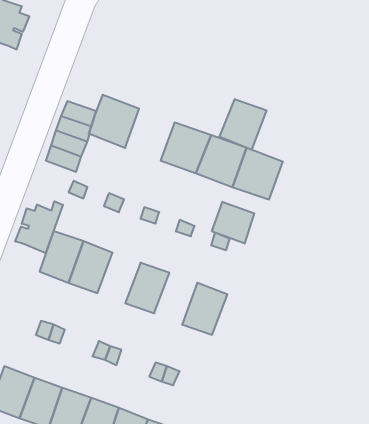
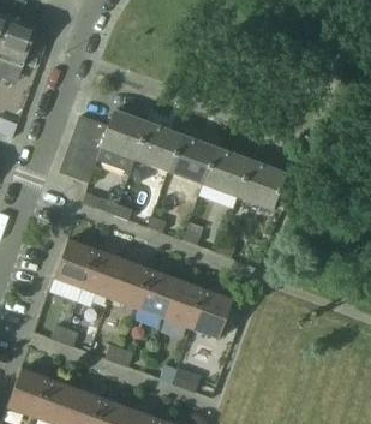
building: [220,99,266,150] -> none
building: none -> [136,123,182,172]
building: [15,201,63,253] -> none
building: [212,202,254,244] -> none
building: none -> [109,259,150,307]
building: none -> [163,279,204,328]

